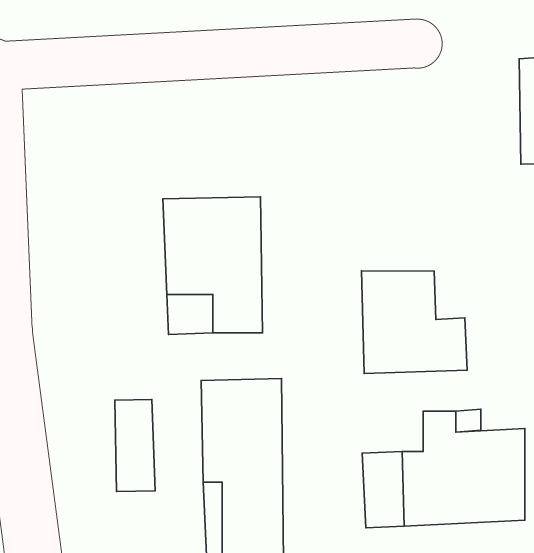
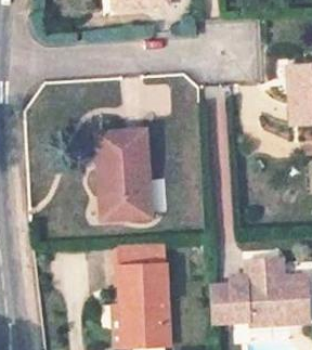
building: [362,271,467,374] -> none
building: [115,400,155,492] -> none

